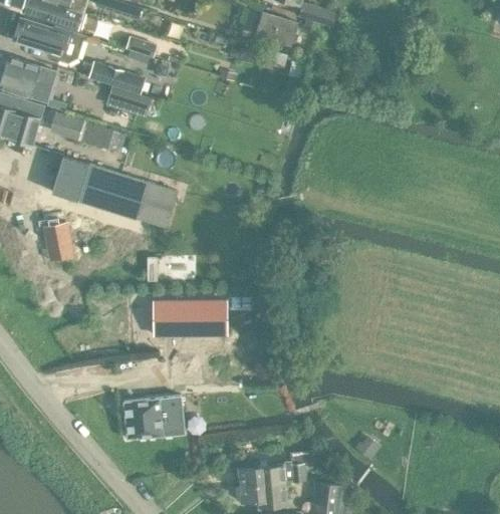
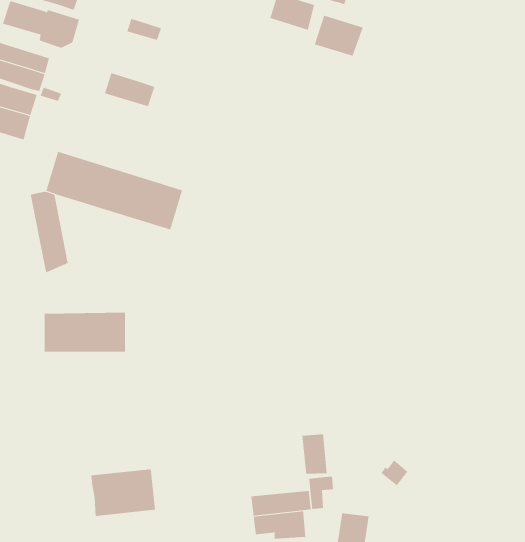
building: none -> [314,15,363,57]
building: [87,60,145,93] -> none
building: [49,113,121,152] -> none
building: [153,300,227,336] -> [44,312,126,352]
building: [122,396,182,439] -> [90,469,156,516]
building: none -> [302,434,327,474]

